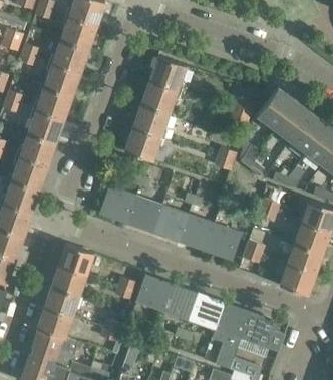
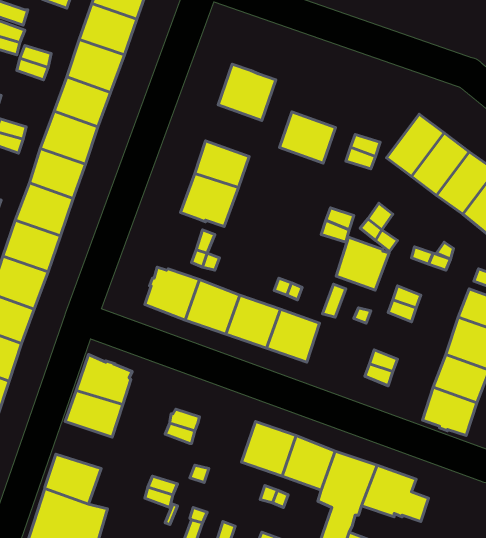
building: [140,82,177,115] -> [279,112,336,163]
building: [206,223,240,257] -> [336,237,389,290]
building: [135,276,173,312] -> none
building: [44,286,80,316] -> none

